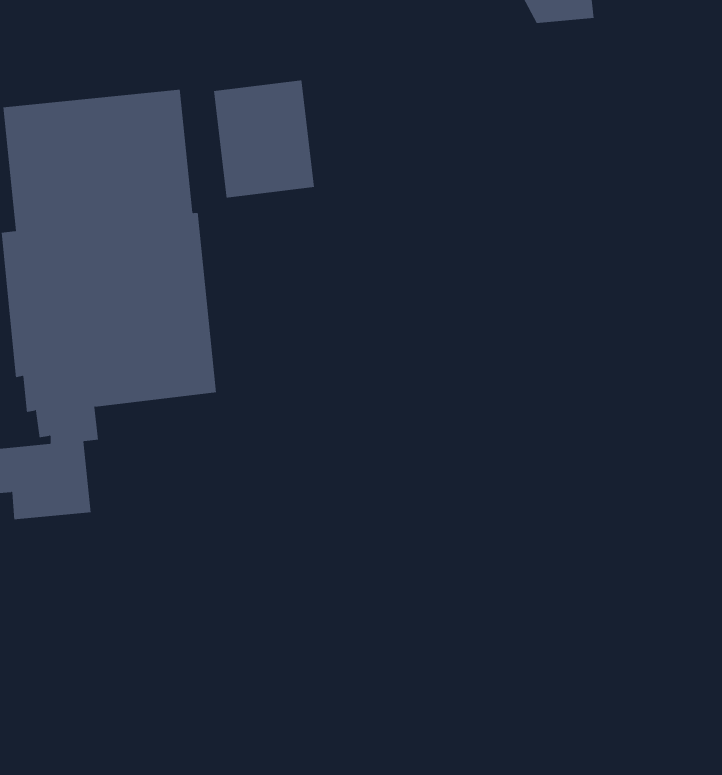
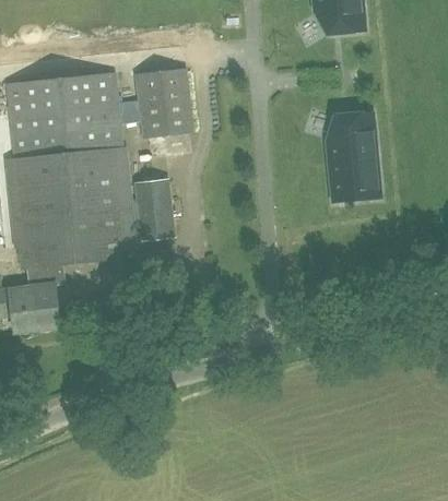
building: none -> [328,111,378,201]
building: none -> [134,178,174,239]

